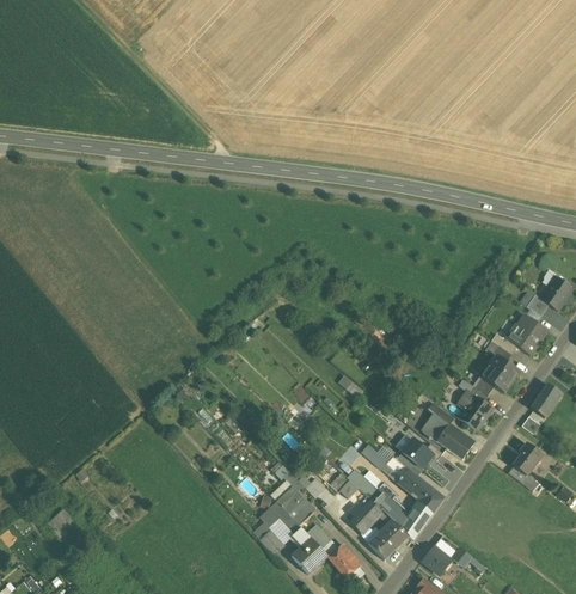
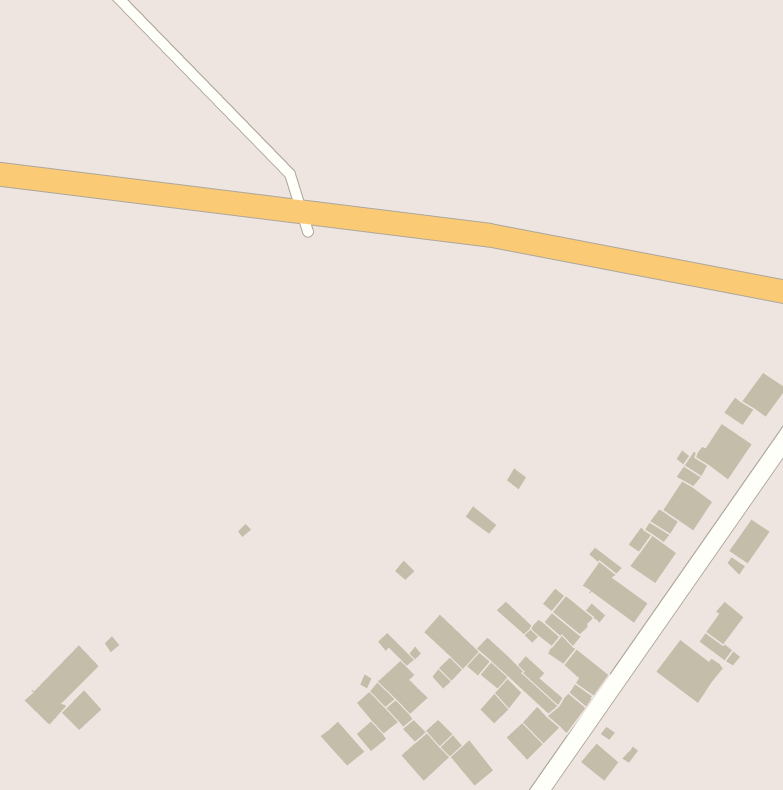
building: none -> [655,639,724,704]
building: none -> [24,645,100,725]
building: none -> [320,721,366,767]

